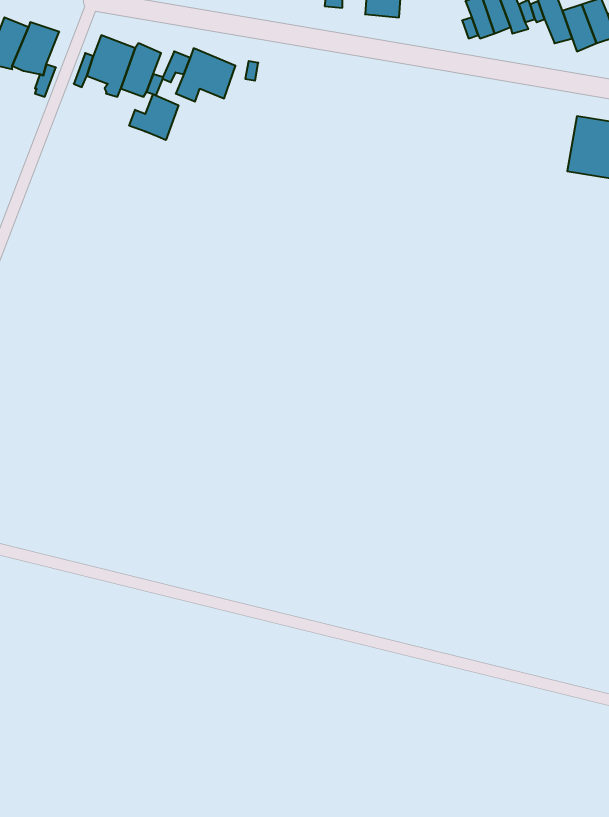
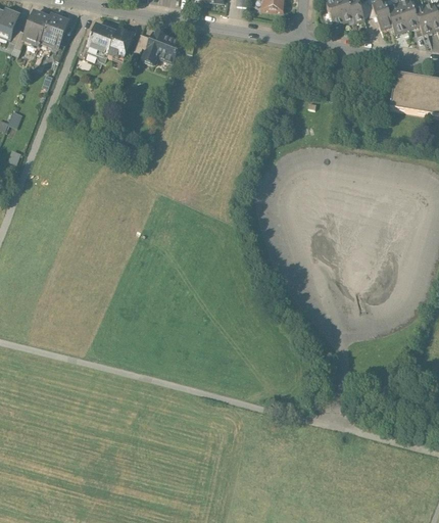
building: [129,94,178,140] -> none

